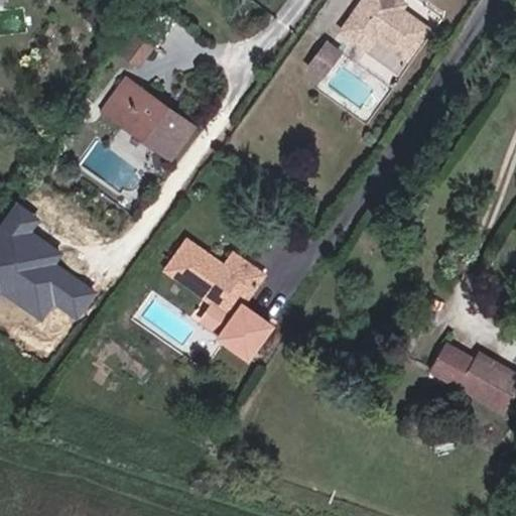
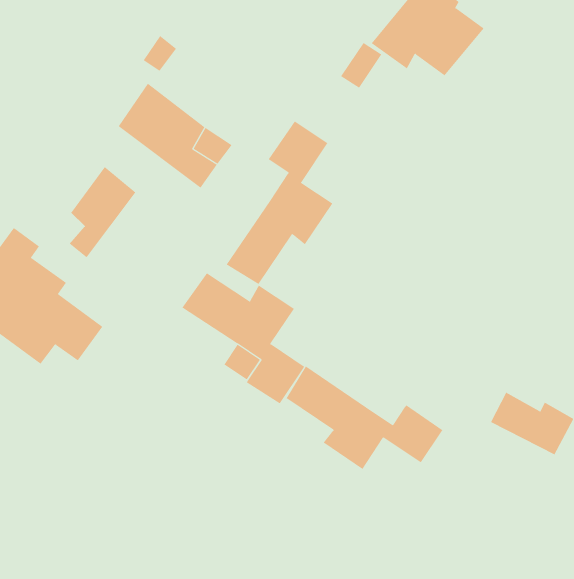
building: none -> [226,121,333,285]
building: none -> [69,166,136,258]
building: none -> [286,366,443,470]

